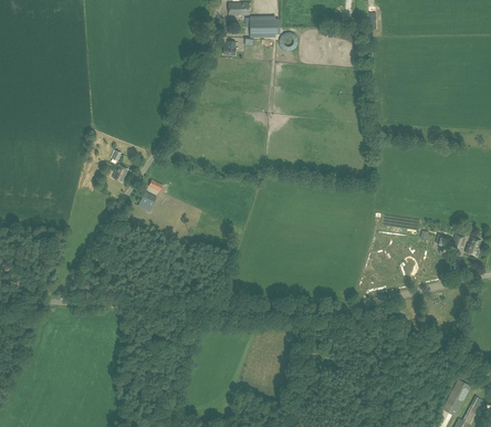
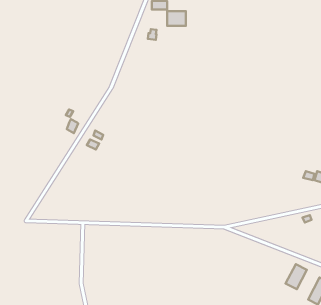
building: none -> [286,264,307,289]

